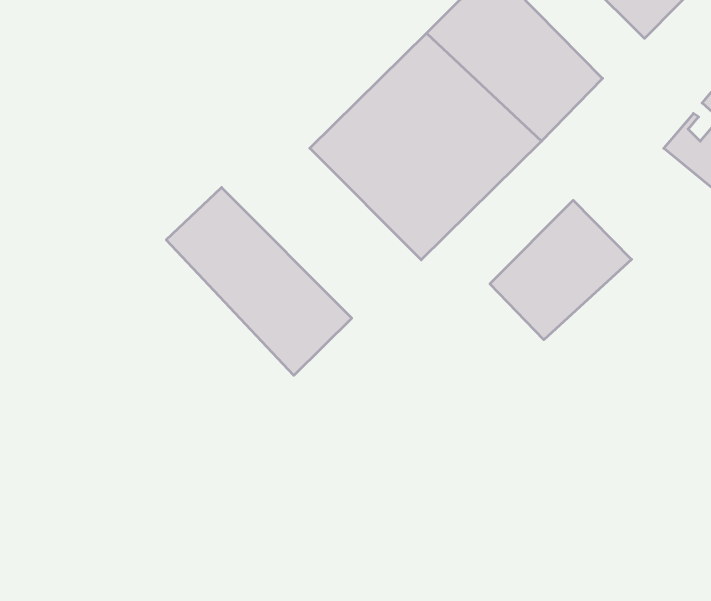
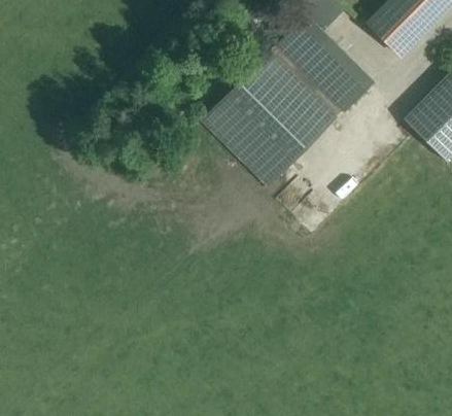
building: [166,187,352,375] -> none
building: [490,200,632,340] -> none

